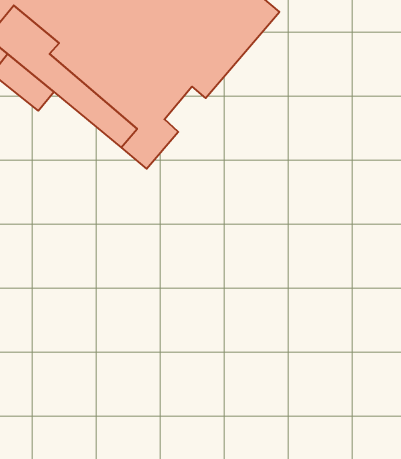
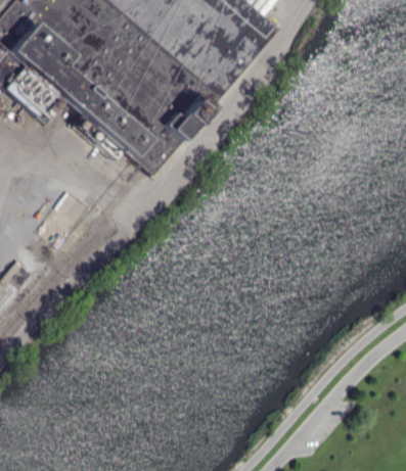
building: none -> [168,93,208,137]

